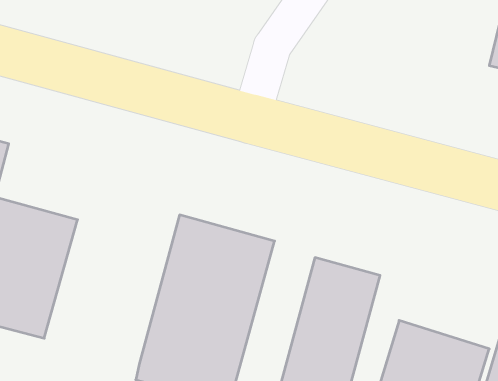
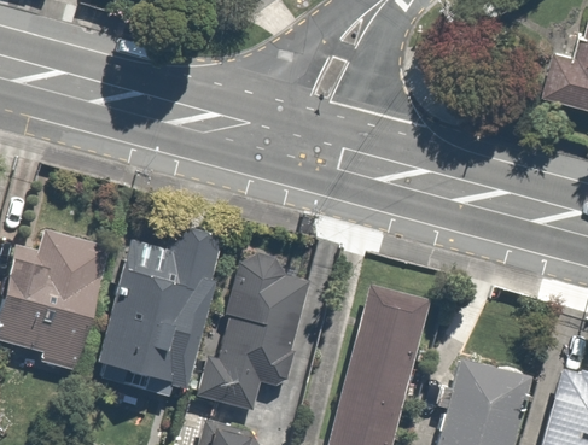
building: none -> [92,227,231,396]

